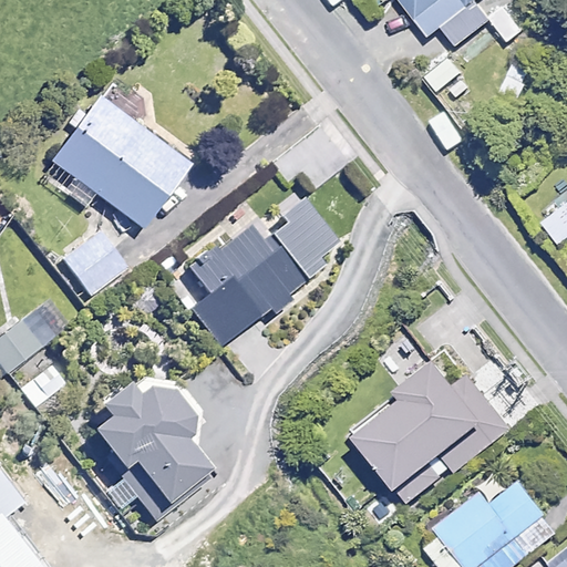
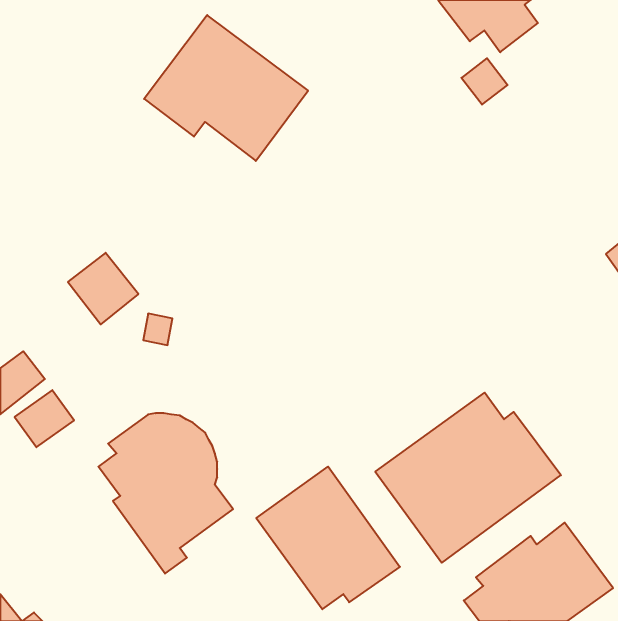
building: [42,95,192,228] -> [144,15,308,161]
building: [173,198,337,347] -> none
building: none -> [256,467,400,609]

